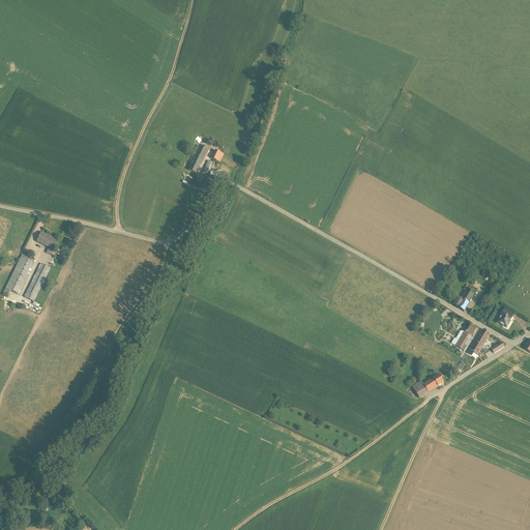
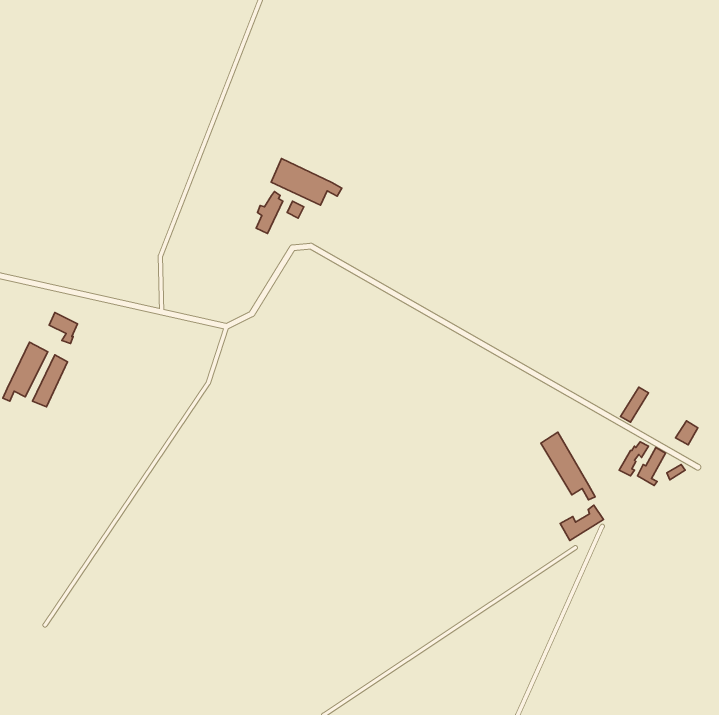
building: none -> [271,158,342,205]
building: none -> [541,432,595,500]

